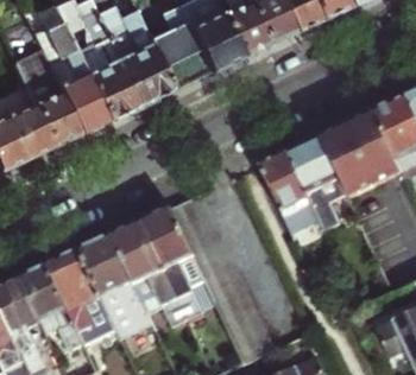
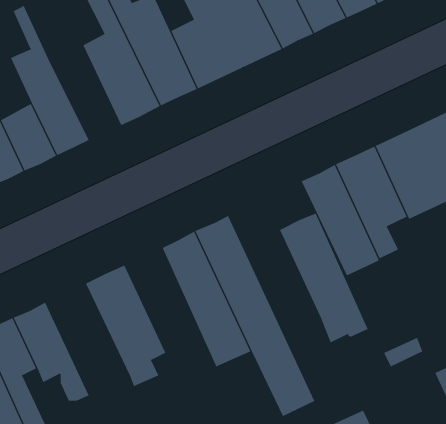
building: [45,21,108,131] -> none
building: [112,221,187,330] -> [279,213,369,343]
building: [45,250,115,344] -> none

